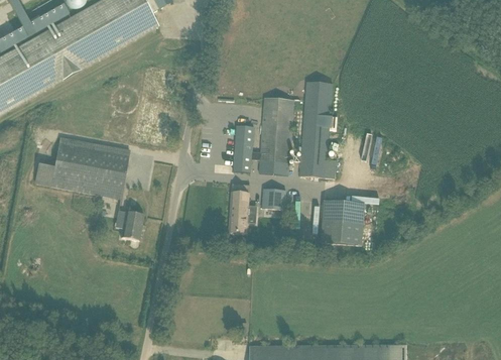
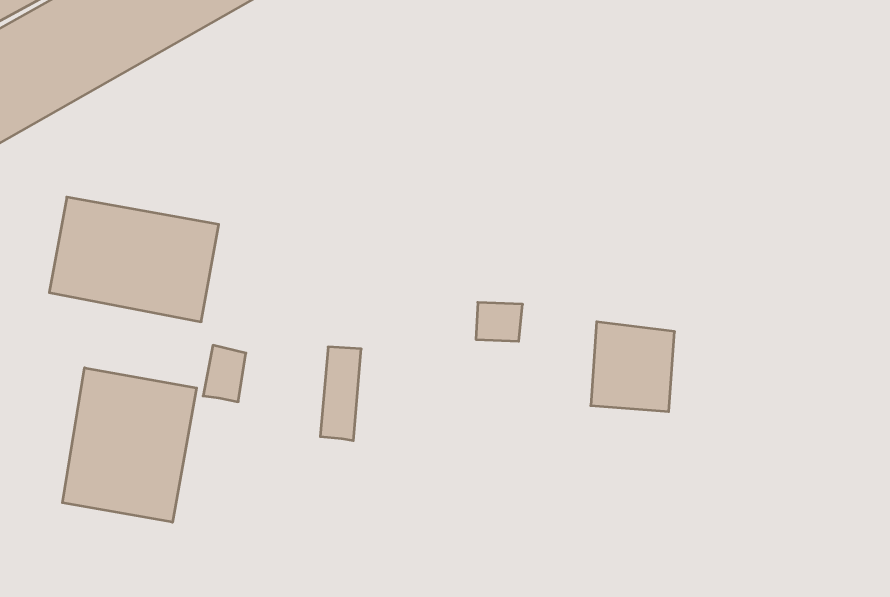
building: [233,80,336,176] -> none
building: [228,184,249,232] -> [320,347,361,441]
building: none -> [62,368,197,522]

